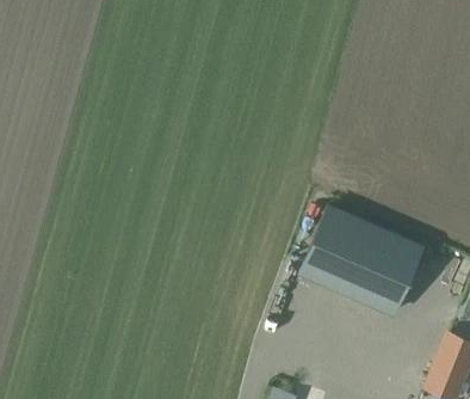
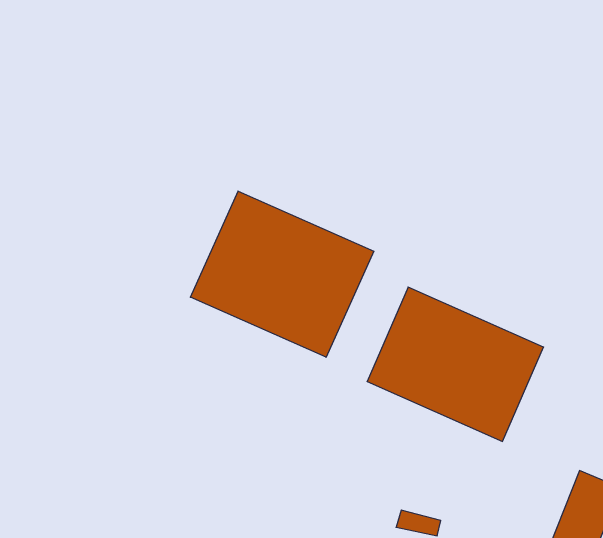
building: none -> [190,191,374,357]

